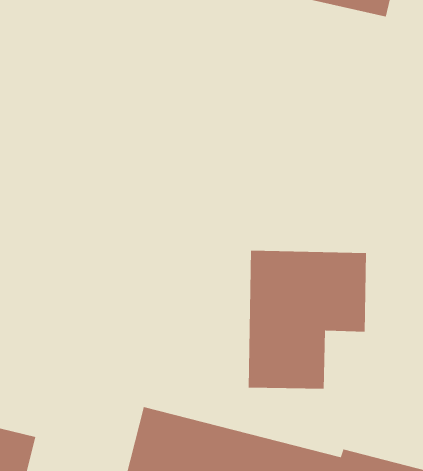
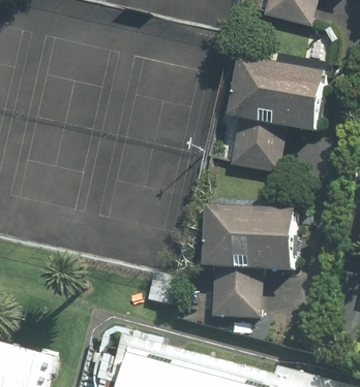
building: none -> [218,58,328,174]

